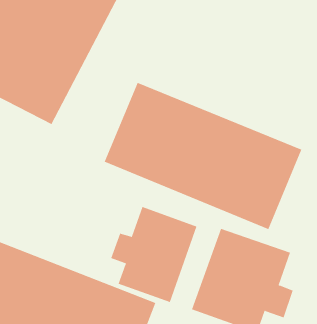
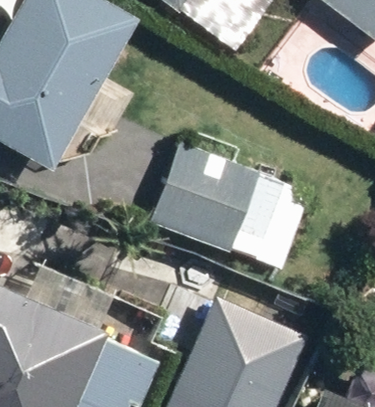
building: [110,206,197,303] -> none

